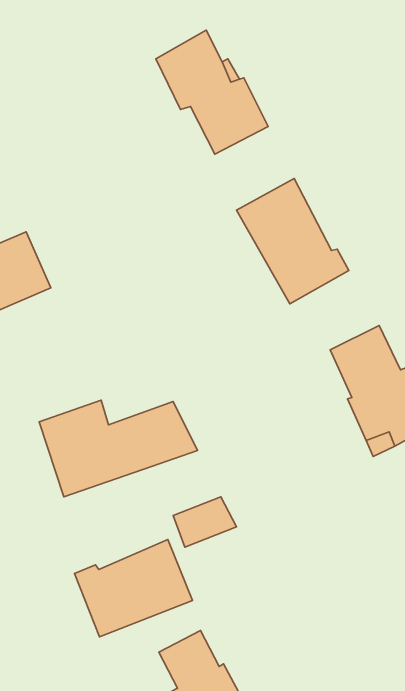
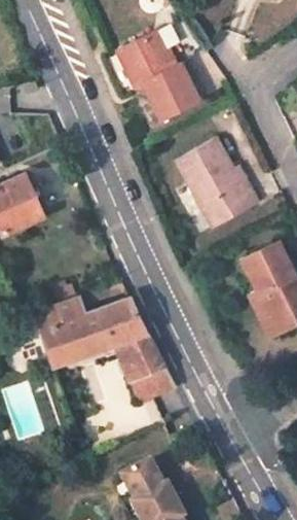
building: none -> [114,333,163,379]
building: [74,539,193,637] -> none

